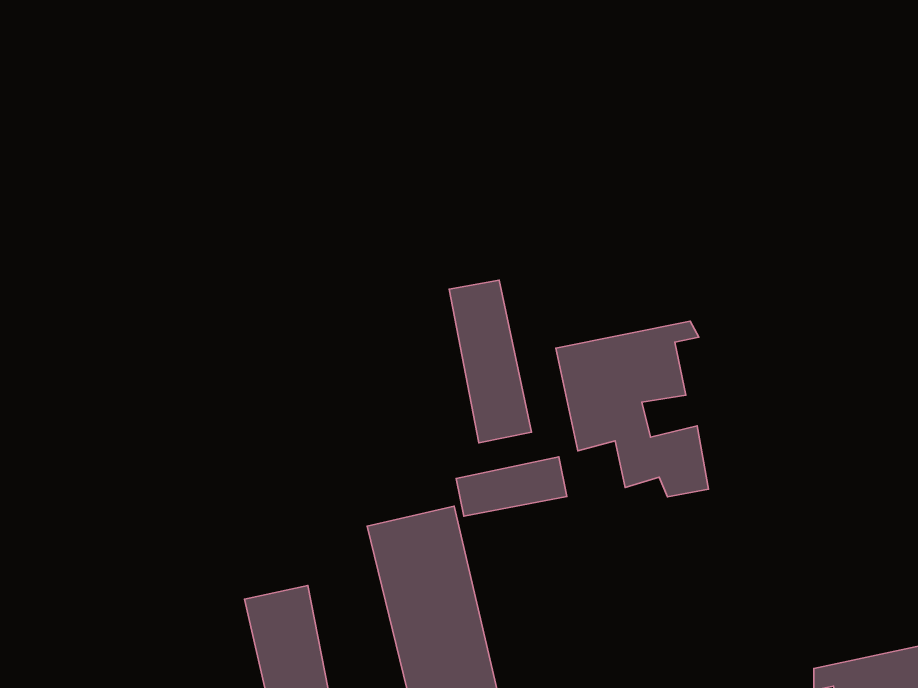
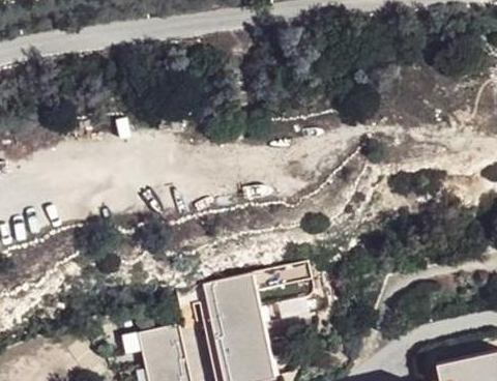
building: [449,280,532,443] -> none
building: [556,321,708,497] -> none

